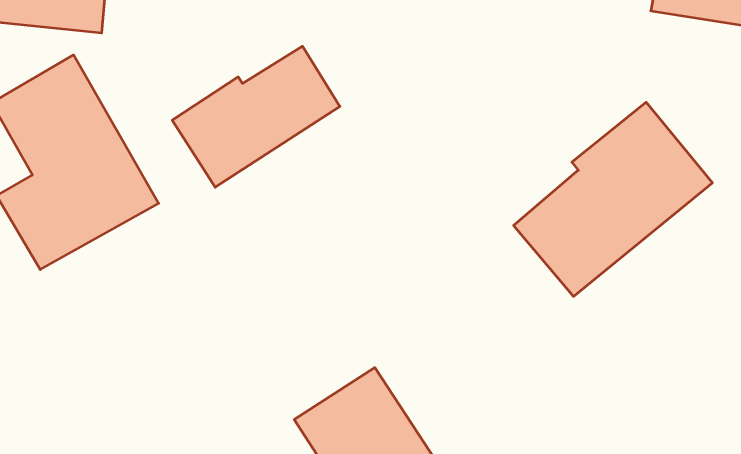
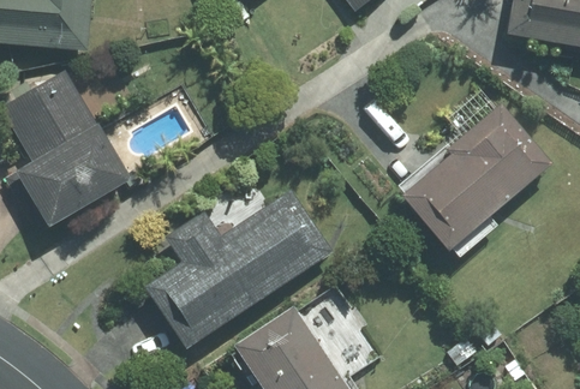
building: [172,46,340,187] -> none
building: none -> [142,190,333,349]

